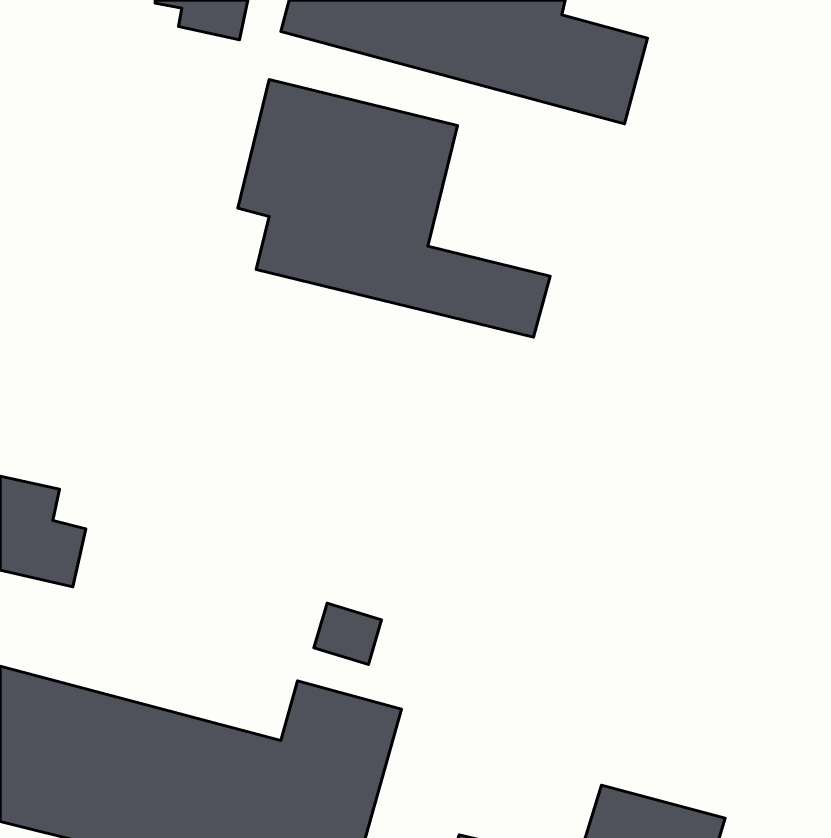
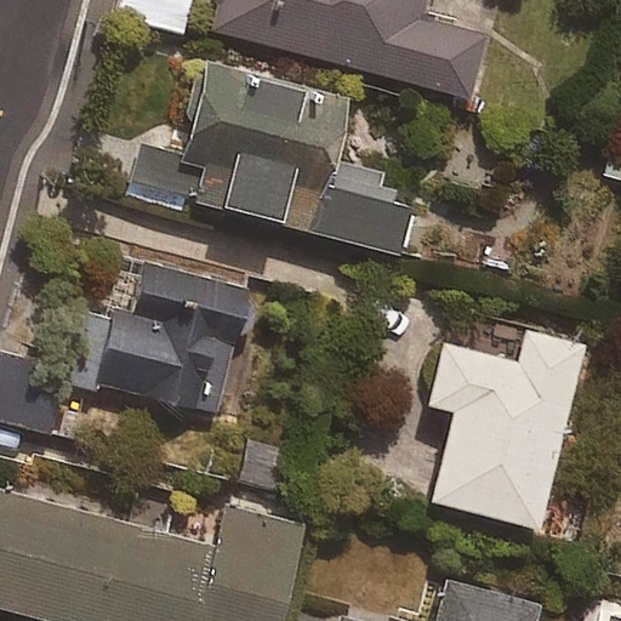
building: none -> [70,266,250,415]
building: none -> [431,327,582,524]

